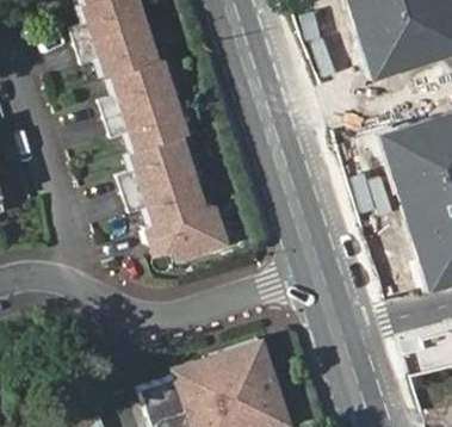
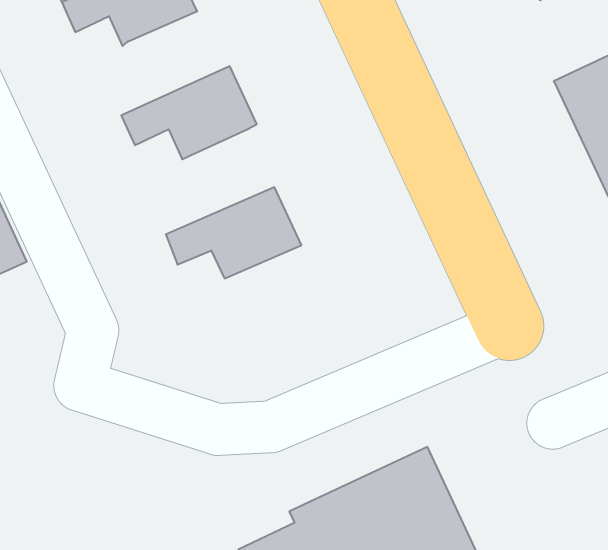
building: [103,62,178,120] -> none
building: [120,138,196,196] -> none
building: [148,209,229,260] -> none

